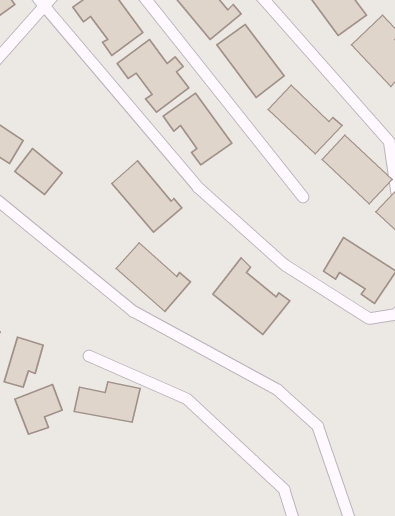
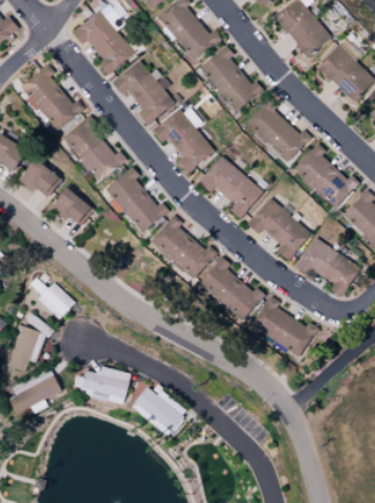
building: none -> [20,66,81,130]
building: none -> [63,117,127,182]
building: none -> [197,156,262,218]
building: none -> [51,187,93,226]
building: none -> [245,198,310,261]
building: [116,243,190,312] -> [150,218,216,280]
building: none -> [34,282,72,318]
building: none -> [250,296,317,358]
building: none -> [130,386,187,435]

